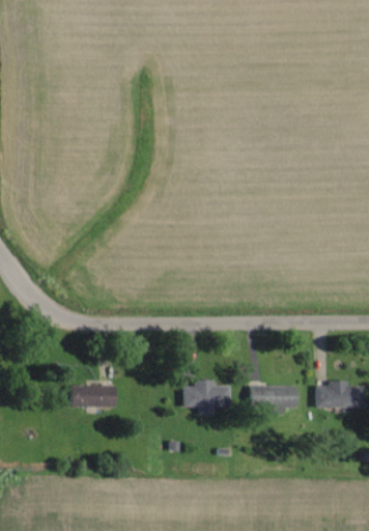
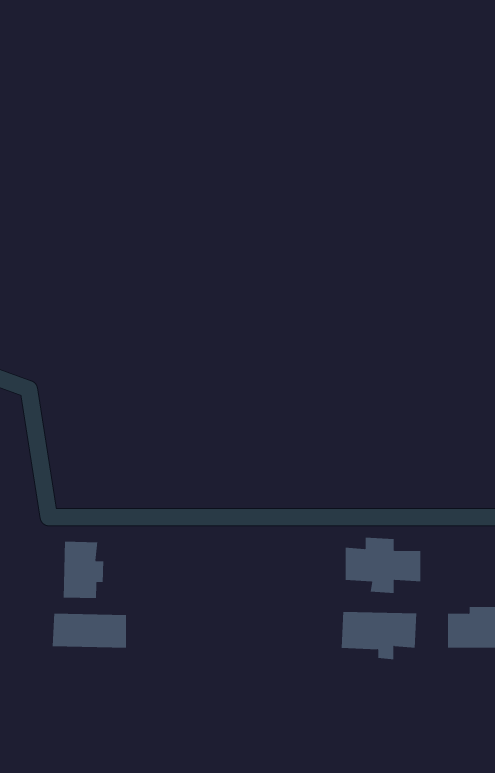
building: none -> [63,541,104,599]
building: [183,379,231,414] -> [345,537,421,594]

